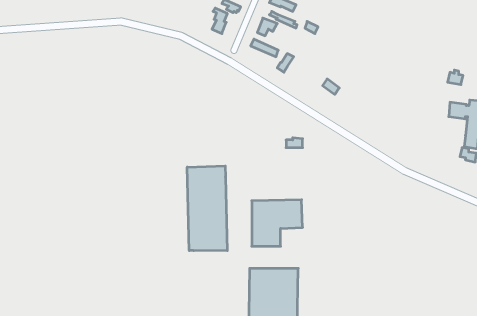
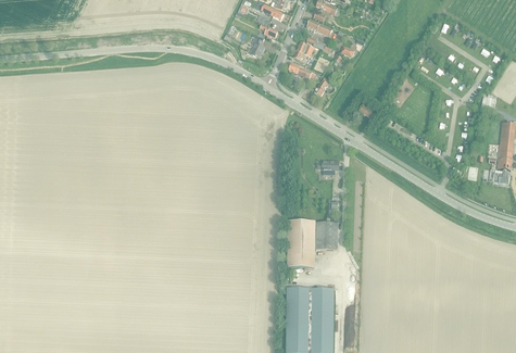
building: [187,166,227,251] -> none

